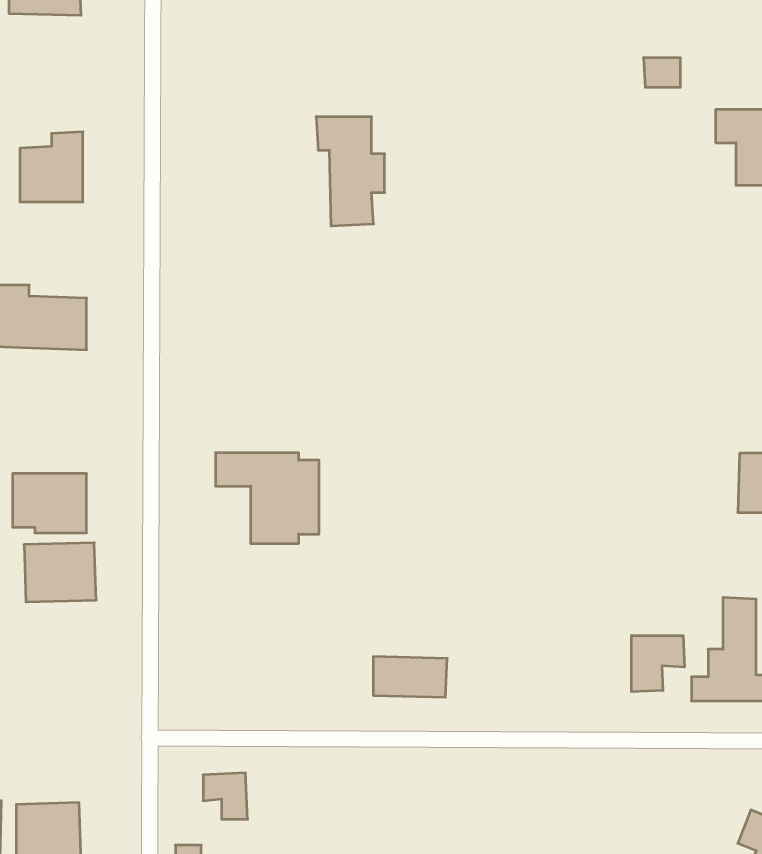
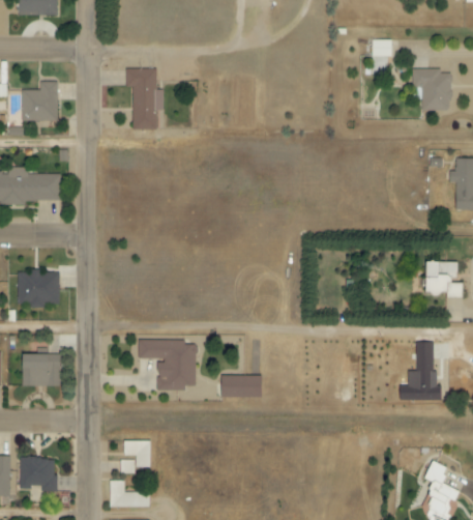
building: [316,117,385,226] -> [125,68,164,129]
building: [215,453,319,543] -> [139,340,197,391]
building: [24,543,96,602] -> [21,353,61,386]
building: [632,635,684,692] -> none

